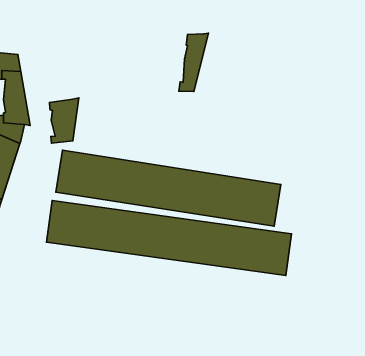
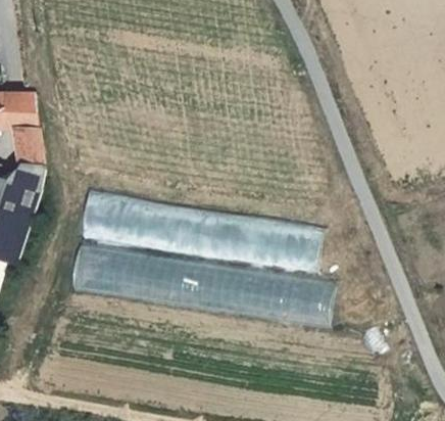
building: [179,33,208,91] -> none
building: [49,98,79,143] -> none

